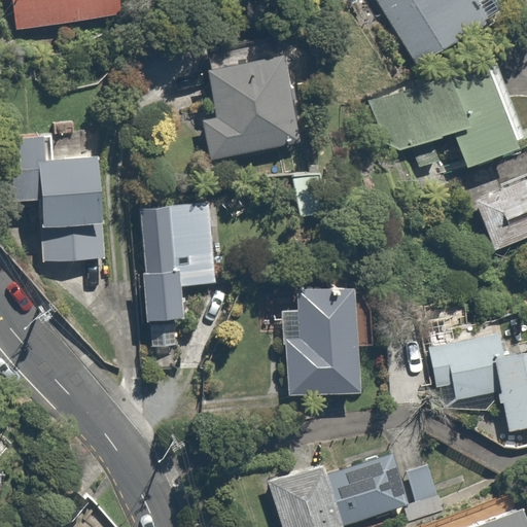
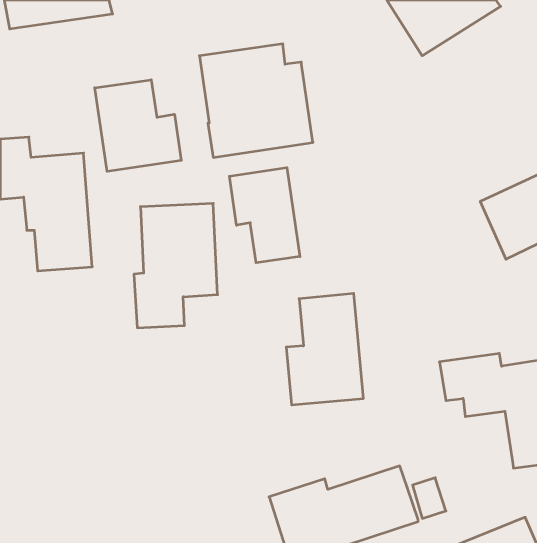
building: [379,60,514,173] -> none
building: none -> [95,80,181,171]
building: none -> [229,168,300,263]

